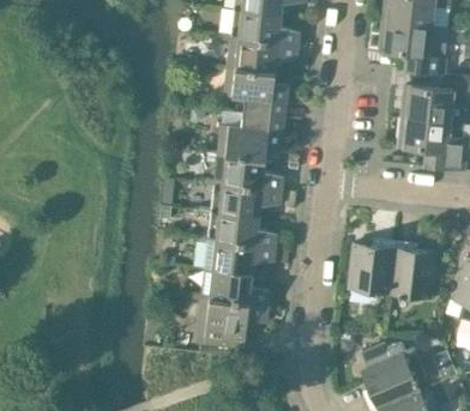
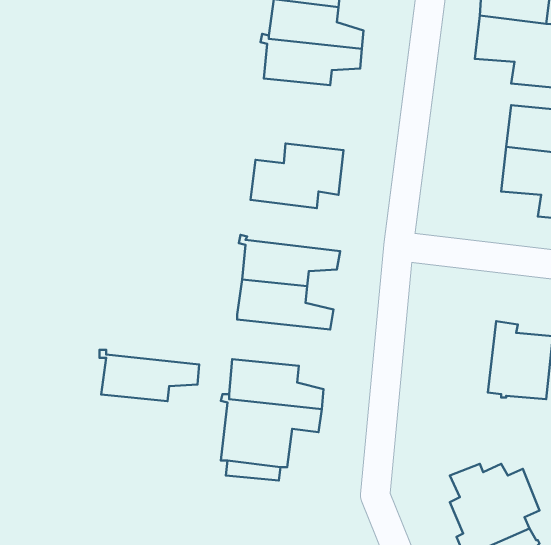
building: [224,66,289,117] -> none
building: [215,153,284,191] -> none
building: [204,236,276,273] -> [99,350,199,401]
building: [349,240,396,294] -> none

